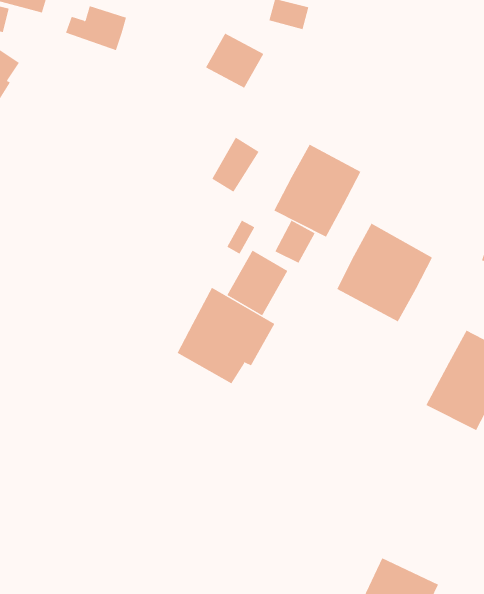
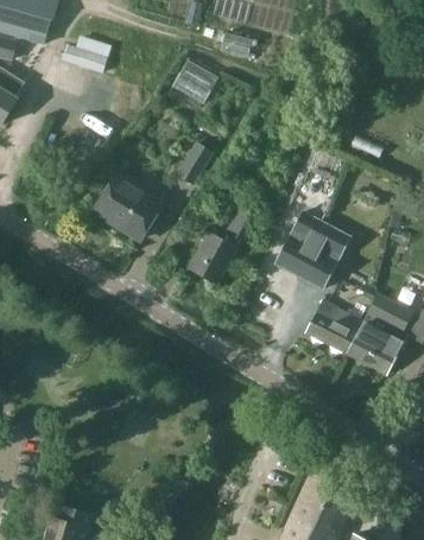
building: [273,144,361,237] -> none
building: none -> [93,171,160,239]
building: [177,287,275,384] -> none
building: none -> [305,300,362,354]

